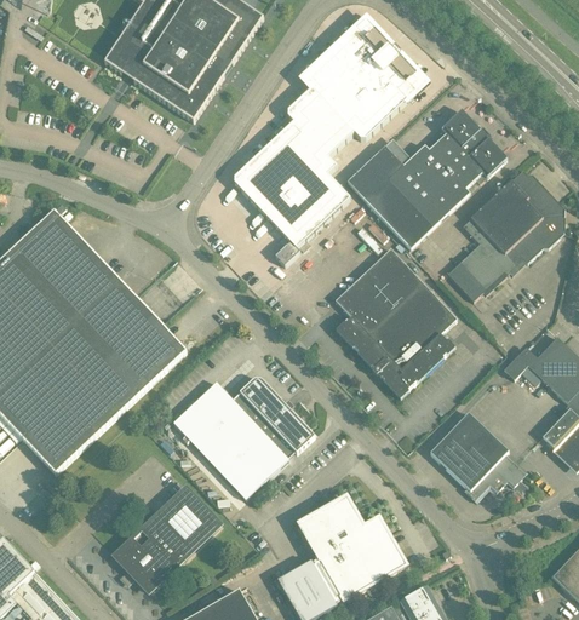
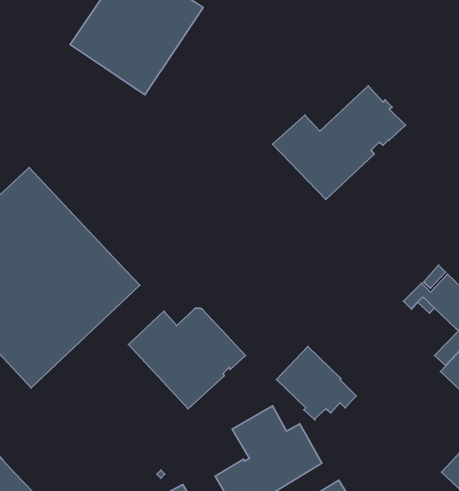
building: [234,22,423,265] -> none
building: [447,170,564,300] -> none
building: [334,247,457,396] -> none
building: [430,412,526,500] -> [277,346,356,420]
building: [114,488,219,591] -> none

